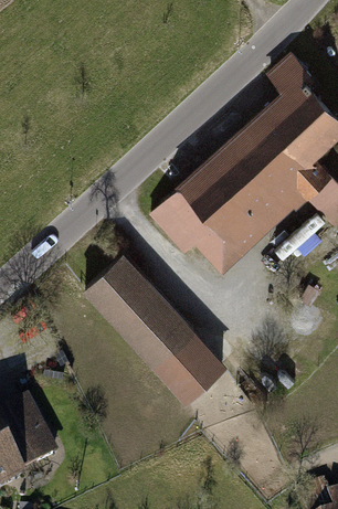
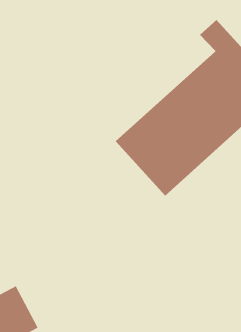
building: [85,253,228,399] -> none

